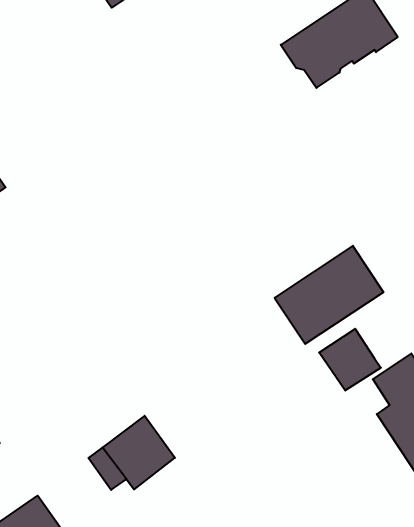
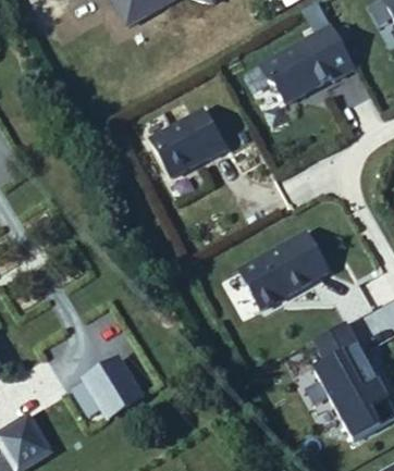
building: none -> [148,111,222,177]
building: [319,329,381,391] -> none

